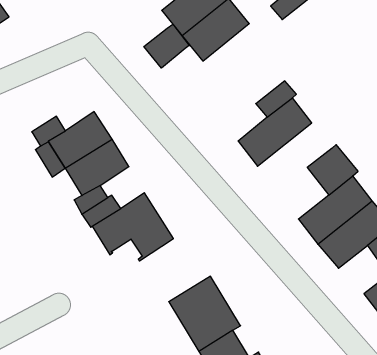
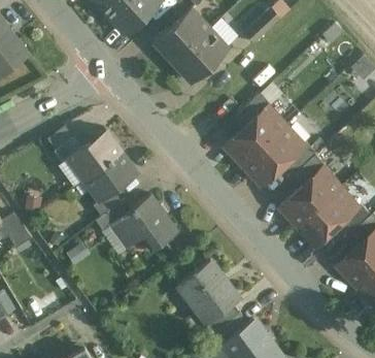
building: [144,24,189,68] -> none
building: none -> [243,128,304,187]

